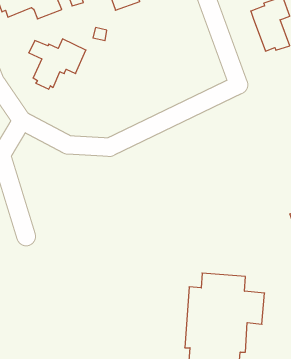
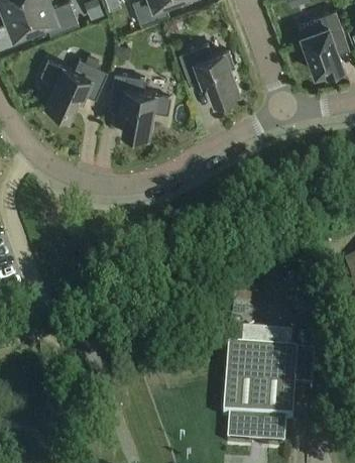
building: none -> [180,45,239,105]
building: none -> [110,75,170,140]

